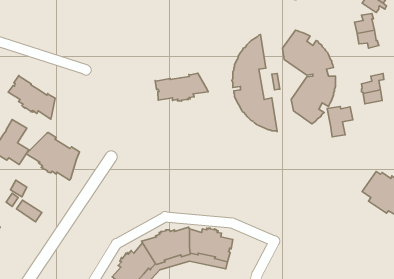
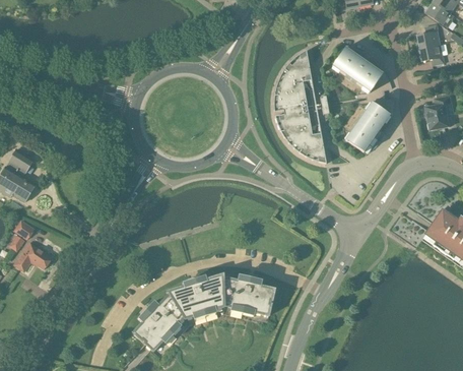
building: [155,73,208,101] -> none
building: [8,75,55,119] -> none
building: [327,107,353,137] -> none
building: [26,133,79,180] -> none

